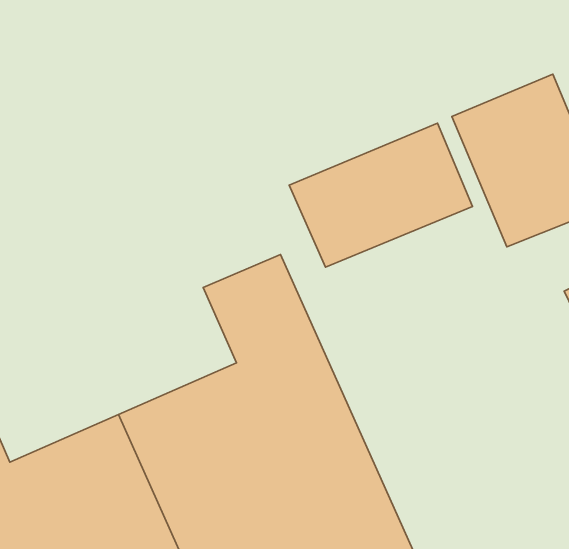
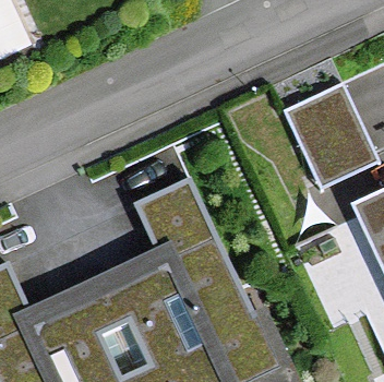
building: [289,123,472,267] -> none

